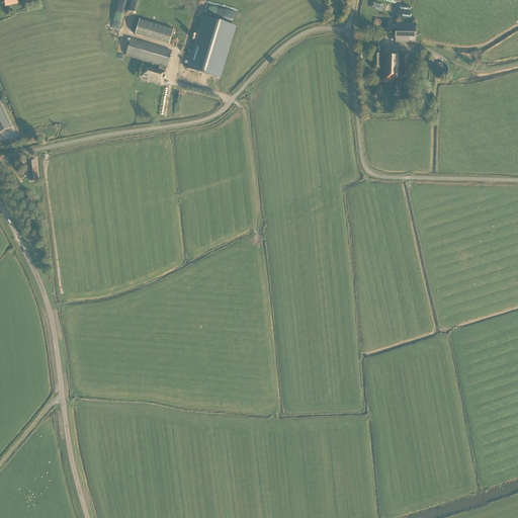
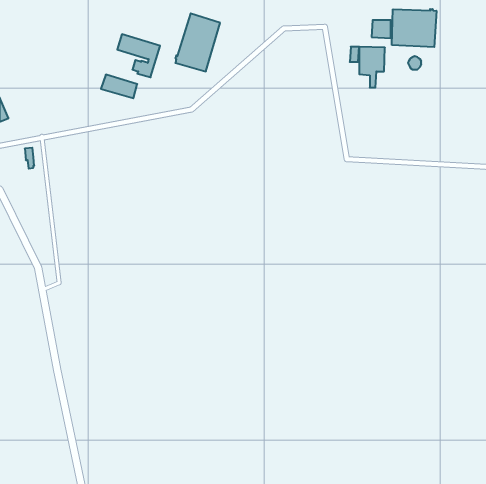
building: none -> [392,9,436,47]
building: [134,16,172,41] -> [101,75,137,98]

